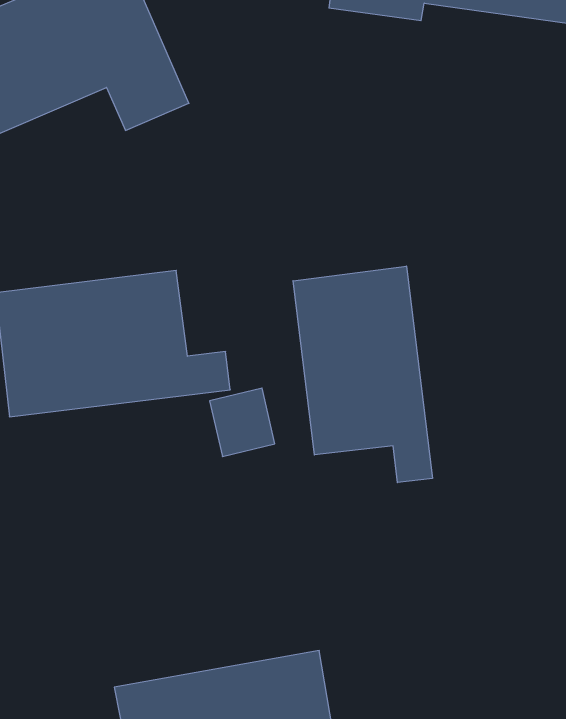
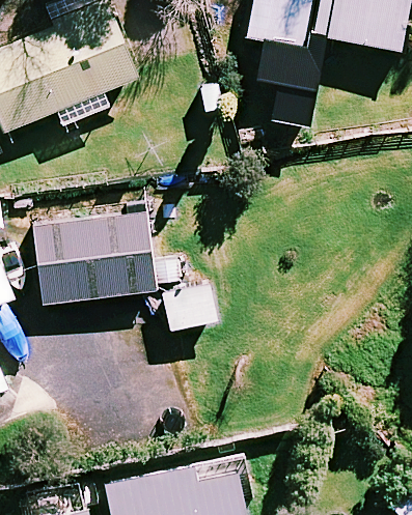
building: [293,266,432,483] -> none

